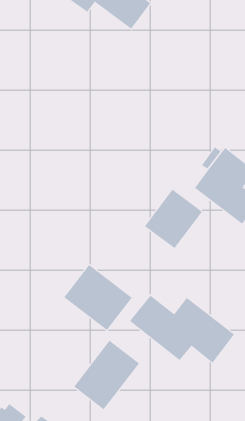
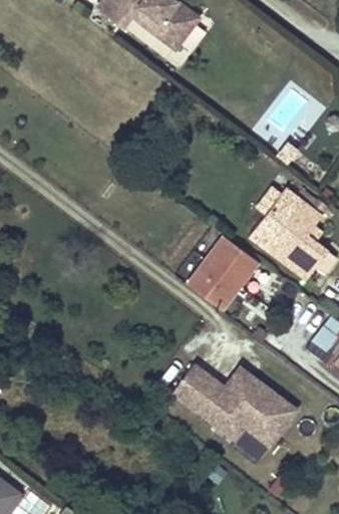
building: [63,264,132,331] -> none
building: [73,340,140,410] -> none

